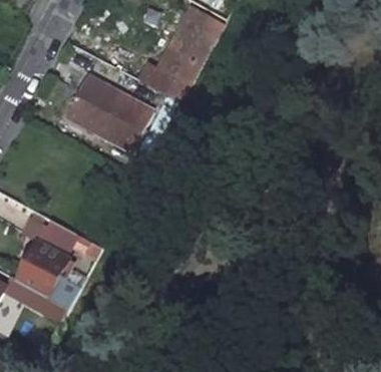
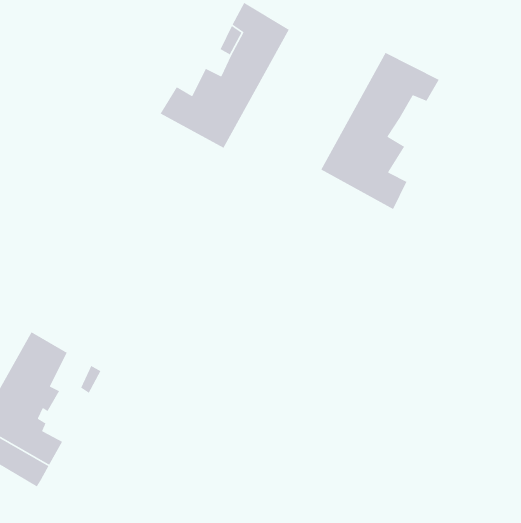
building: none -> [320,52,440,210]
building: [63,74,151,150] -> none

